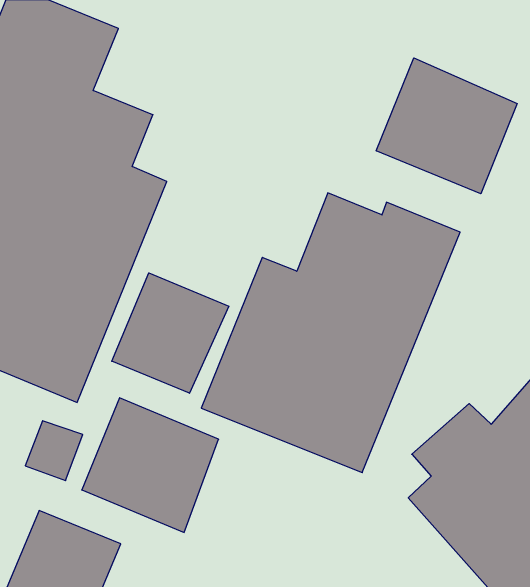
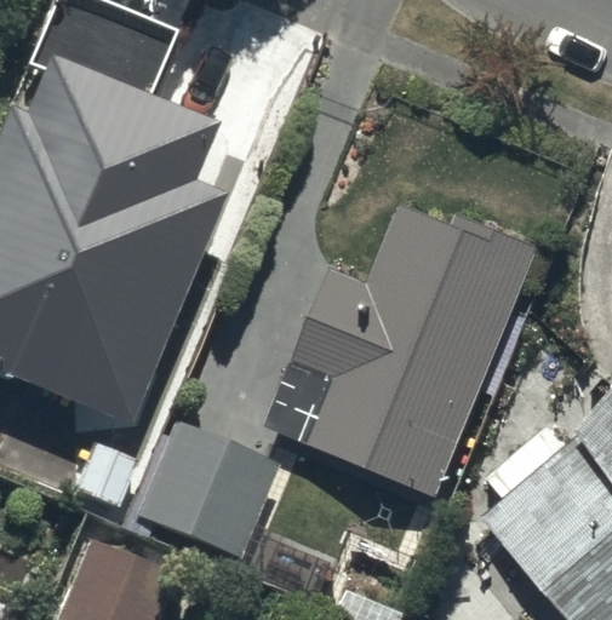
building: [376,58,517,194] -> none
building: [112,273,229,393] -> none

